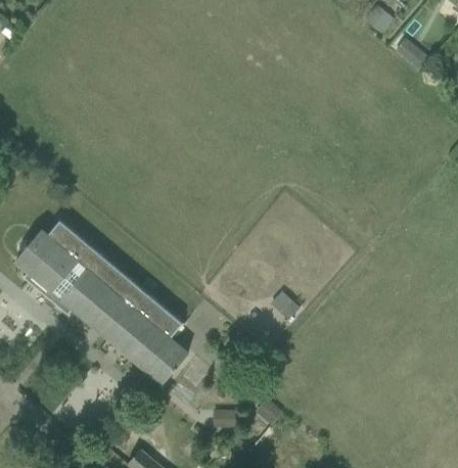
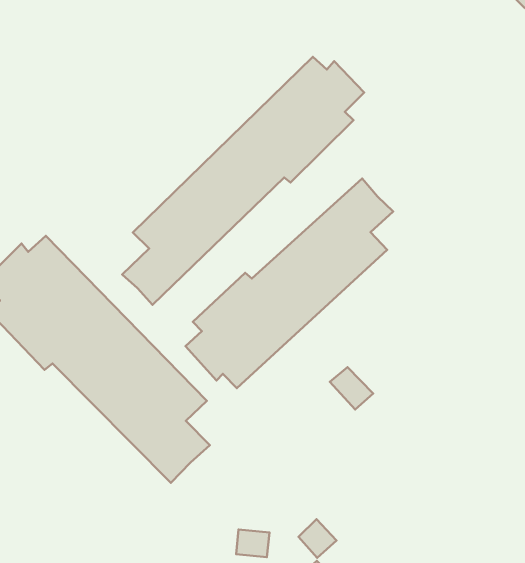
building: none -> [122,57,364,305]
building: none -> [185,179,393,388]

